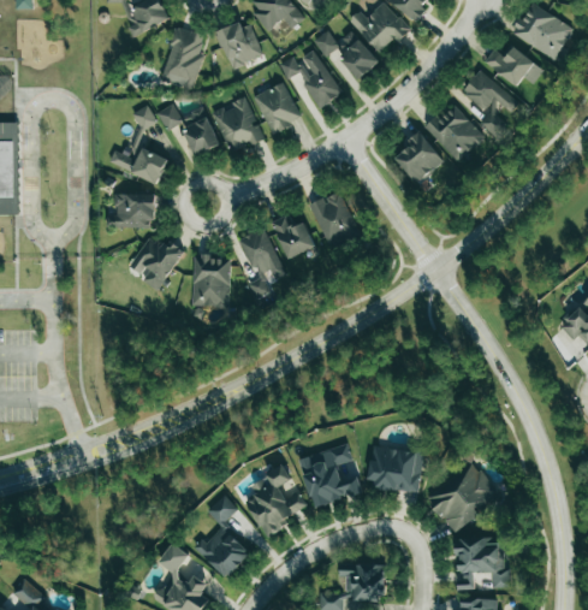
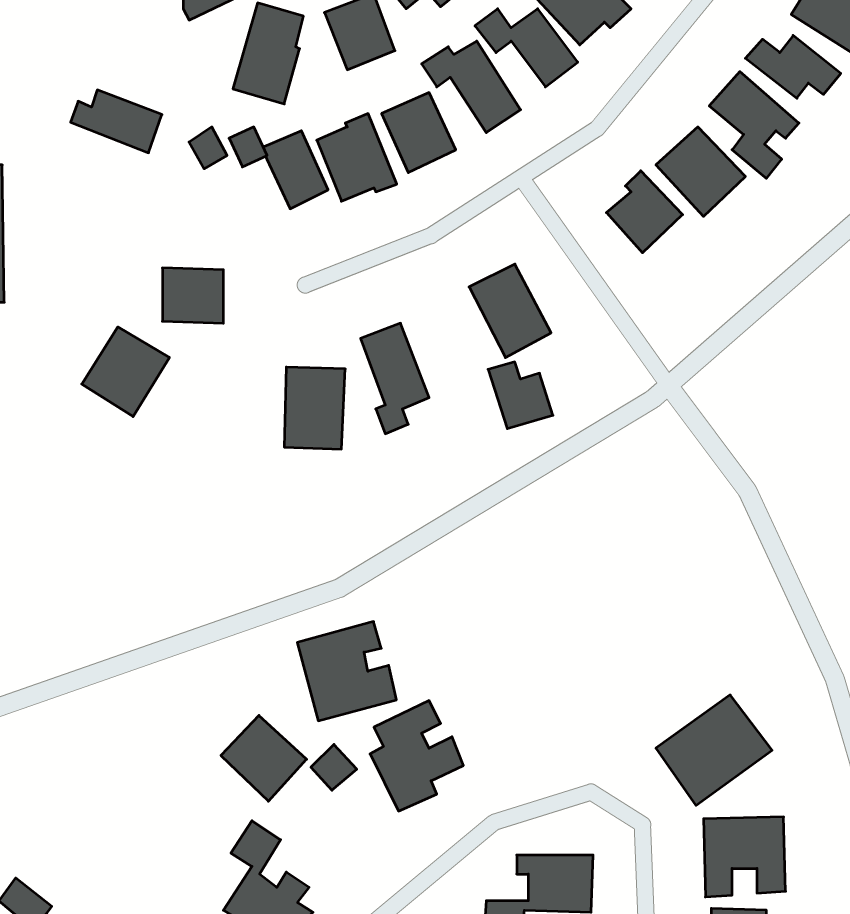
building: [109,143,167,183] -> [71,90,162,153]
building: [273,215,314,257] -> [488,362,553,429]
building: [127,233,183,290] -> [82,327,169,417]
building: [299,445,362,508] -> [297,622,396,721]
building: [368,446,422,492] -> none
building: [196,526,250,580] -> [221,715,307,801]

